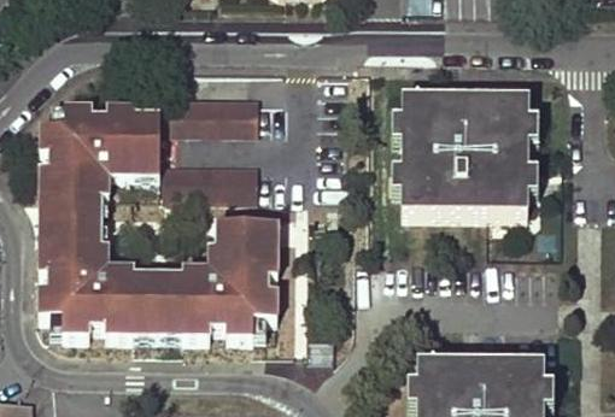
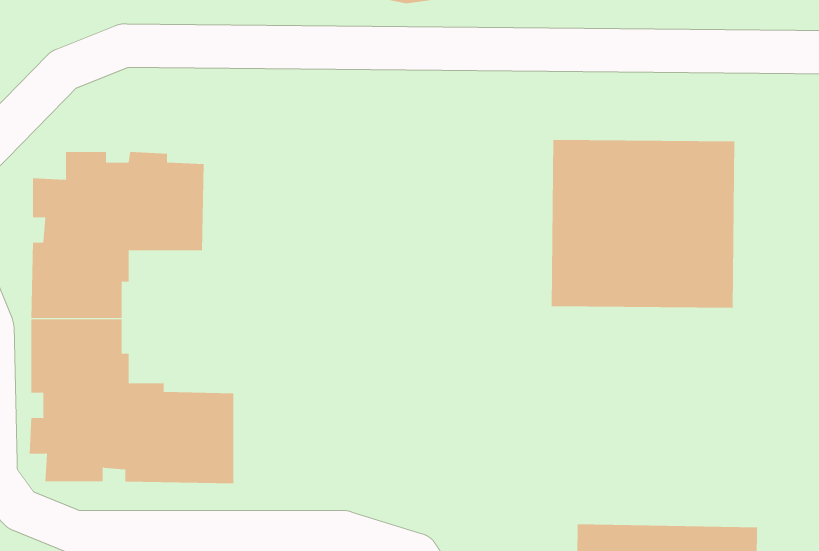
building: [164,96,257,130] -> none
building: [164,165,257,198] -> none
building: [181,224,279,339] -> none

